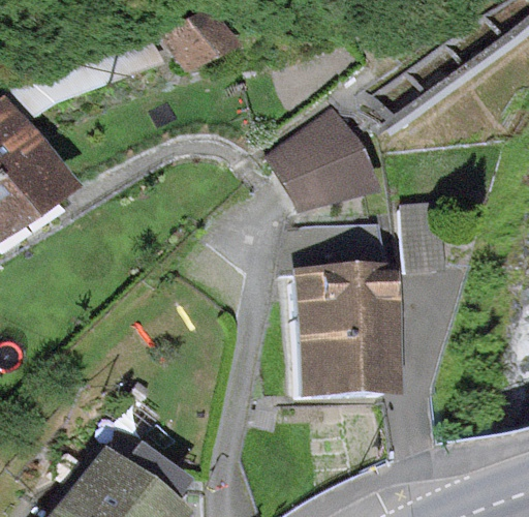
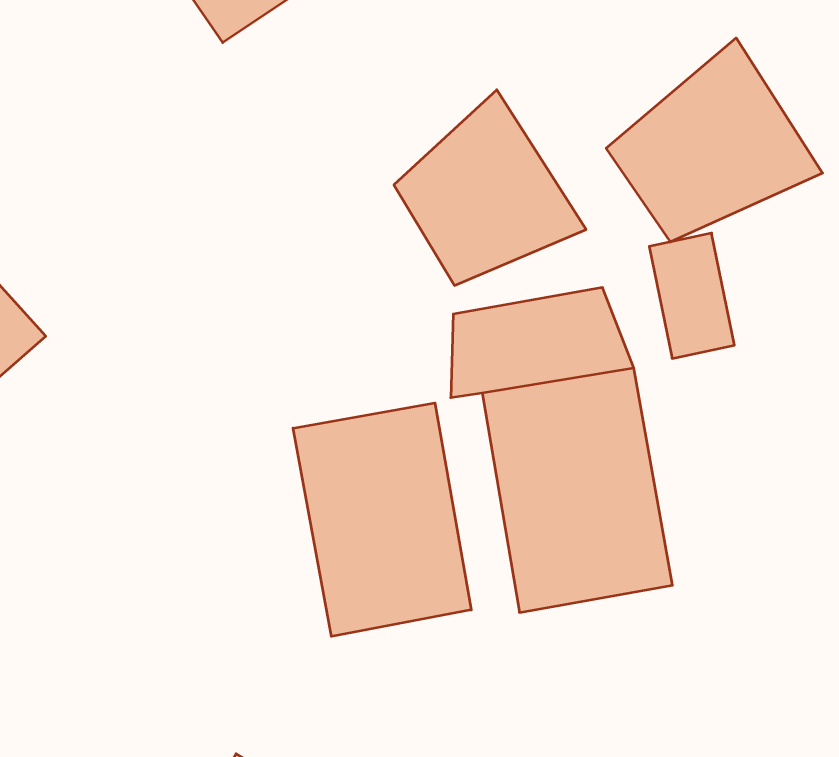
building: none -> [606,38,823,242]
building: none -> [293,403,471,636]

